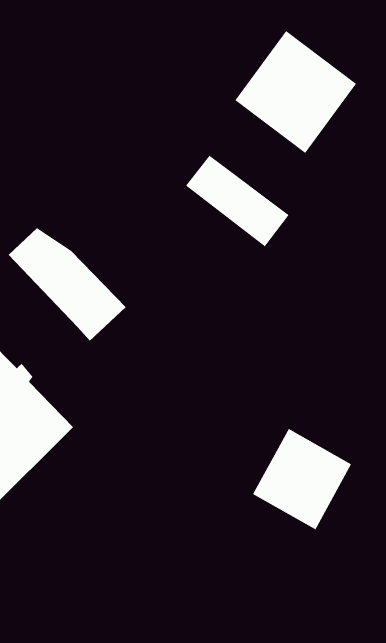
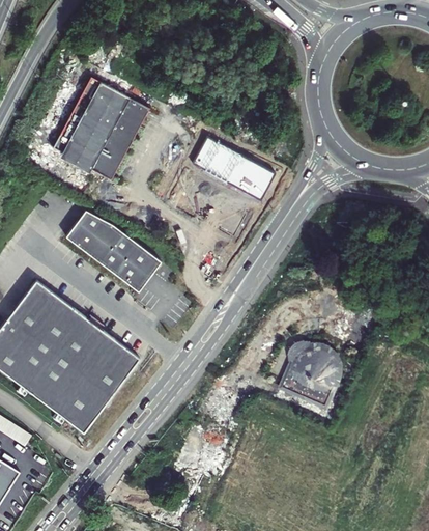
building: [235,30,357,154] -> none
building: none -> [54,77,149,177]

